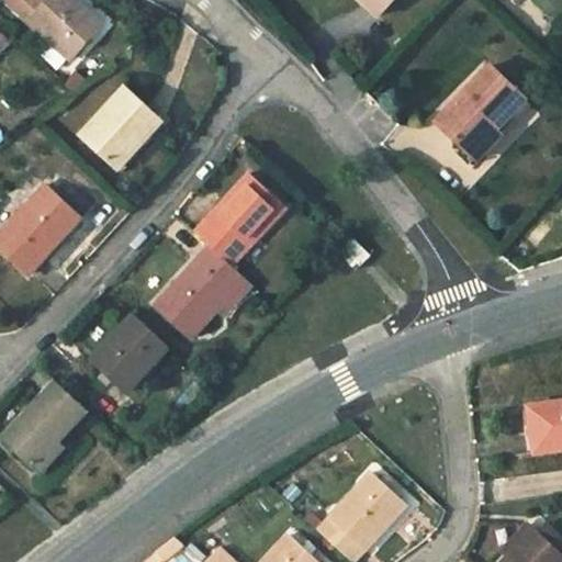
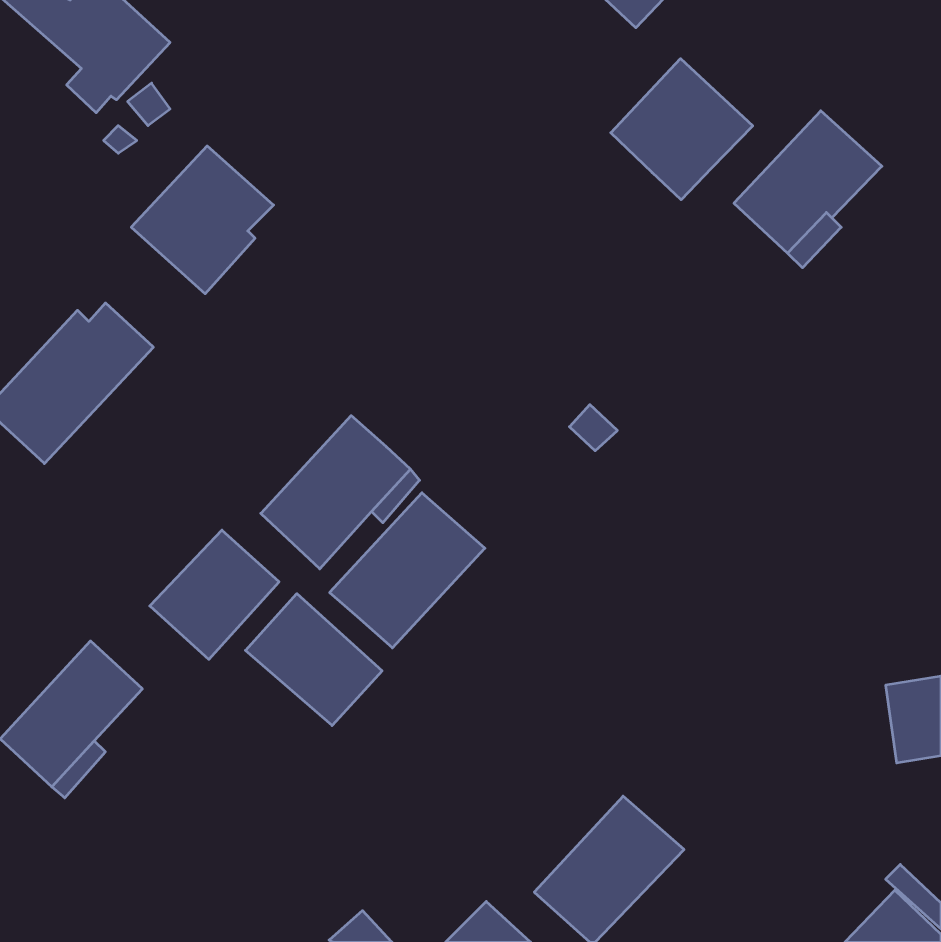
building: none -> [611,59,753,200]
building: [192,173,284,266] -> [330,493,485,648]
building: none -> [245,594,382,726]

